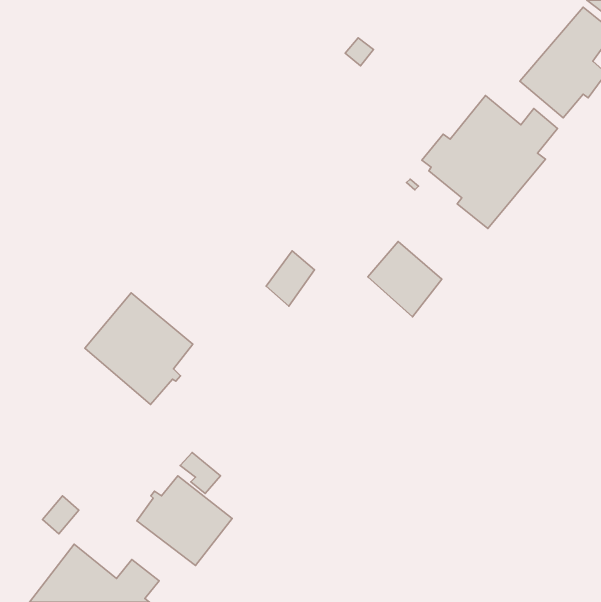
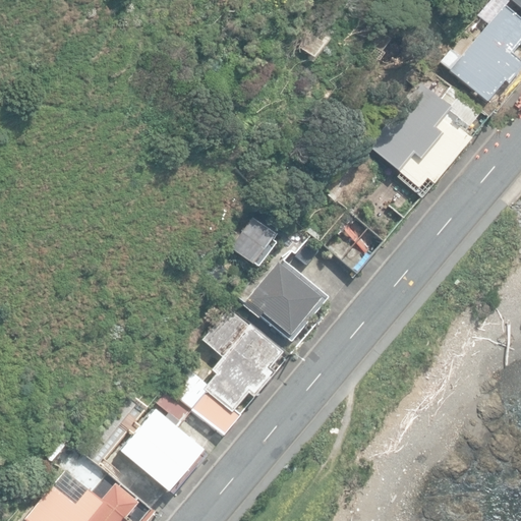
building: [85,293,193,404] -> none
building: none -> [242,259,321,335]
building: none -> [164,308,285,436]

